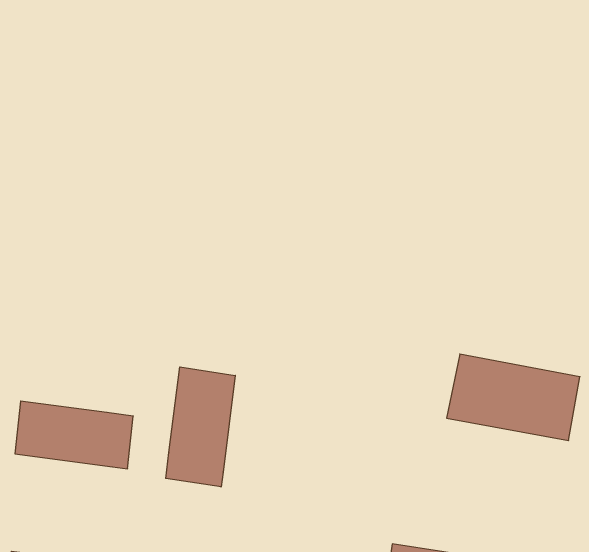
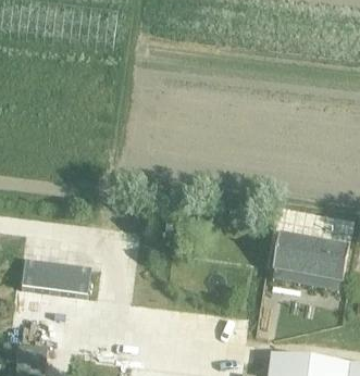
building: [166,367,235,487] -> none

